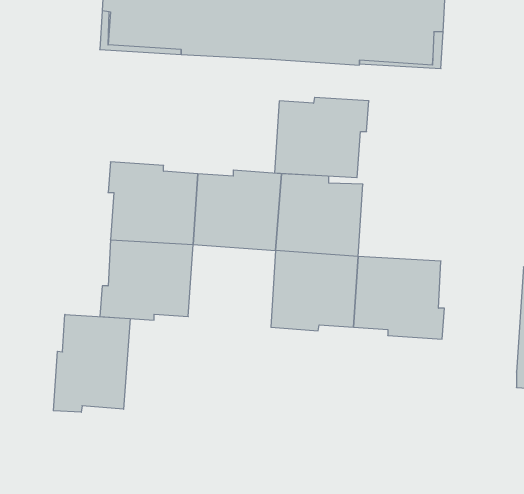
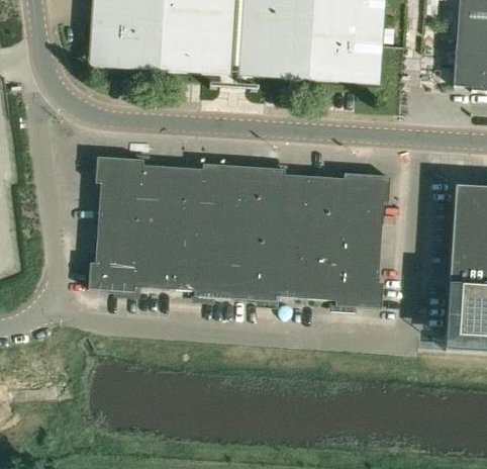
building: [274,97,369,178] -> [310,173,391,242]
building: none -> [165,227,239,298]
building: [53,314,130,412] -> none

